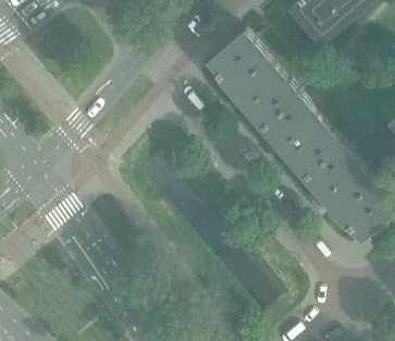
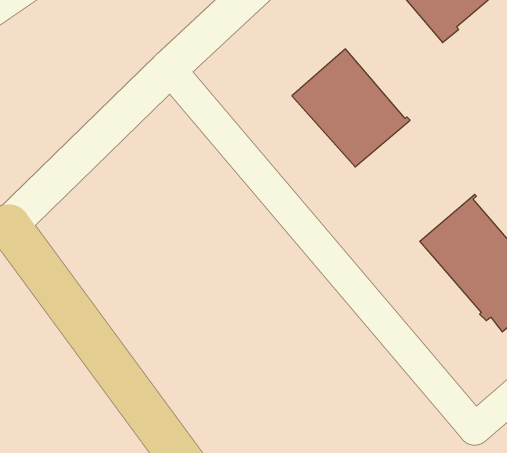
building: [210,33,256,81] -> none
building: [262,97,343,179] -> none

